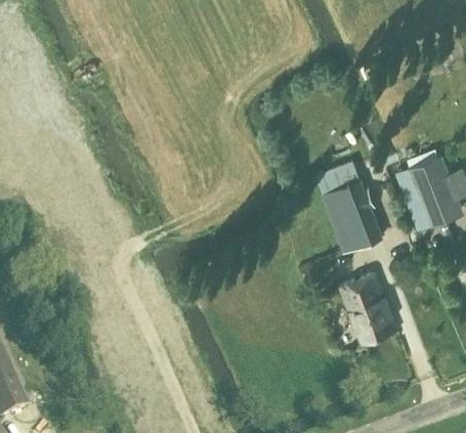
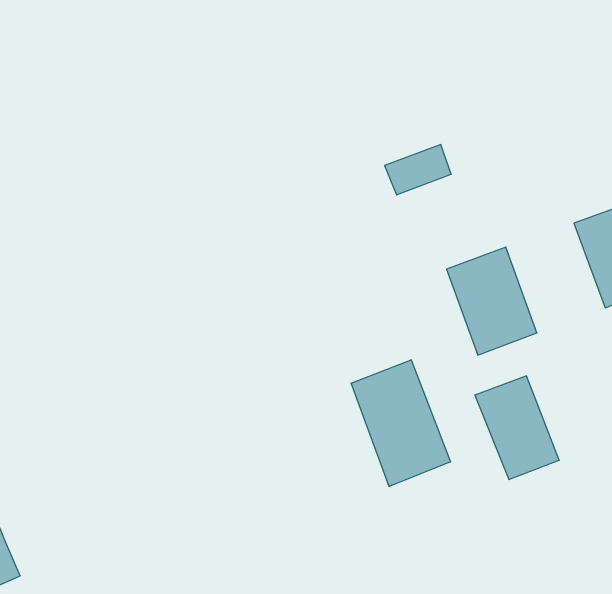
building: [315,160,362,194] -> [385,145,451,195]
building: none -> [351,360,451,487]

